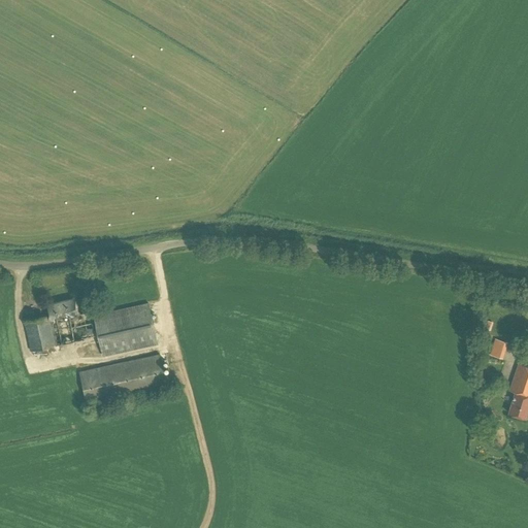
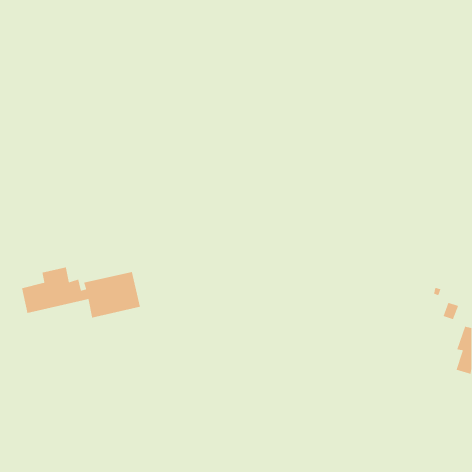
building: [79,354,166,404] -> none

